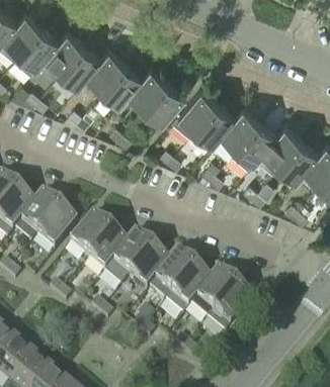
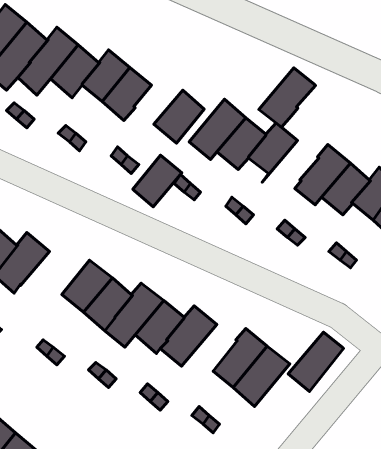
building: [128,64,167,105] -> [133,155,182,207]
building: [231,118,276,166] -> [259,68,315,127]
building: [36,207,77,249] -> none
building: [166,266,211,313] -> [288,332,344,391]

